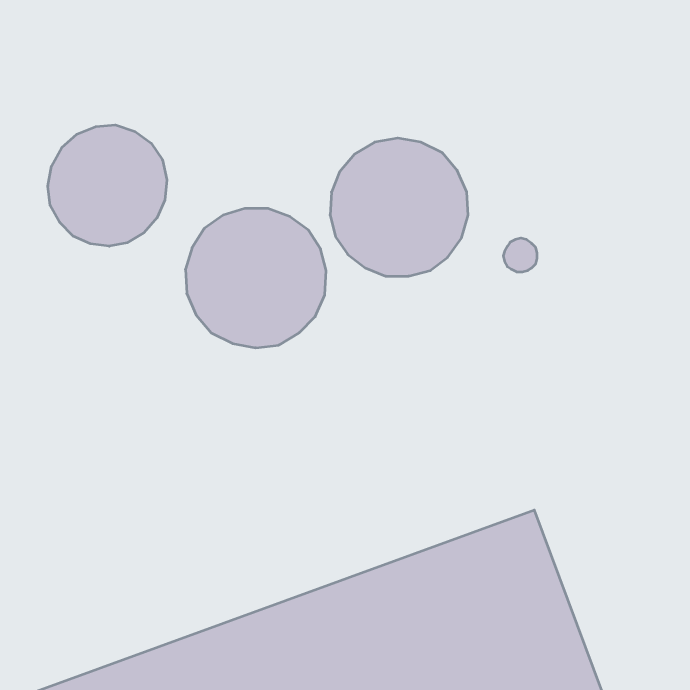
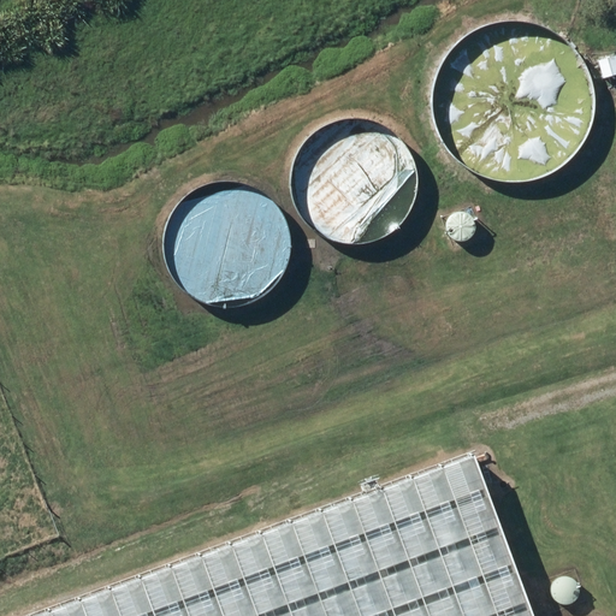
building: none -> [436,23,597,184]
building: [48,125,167,246] -> none

